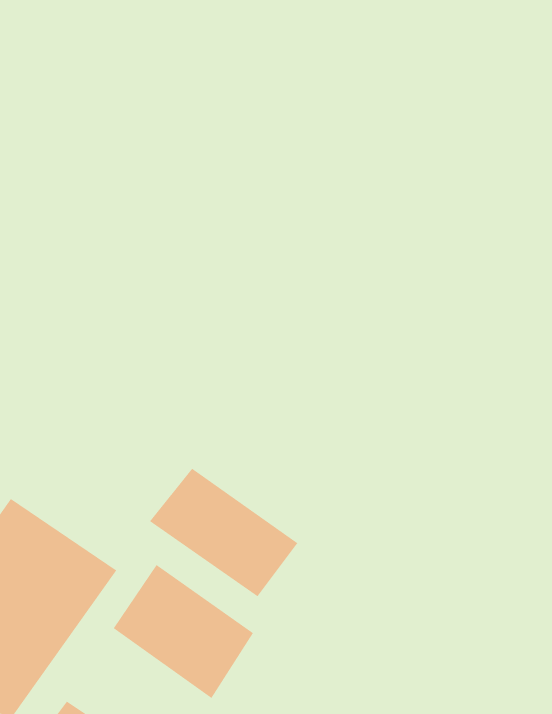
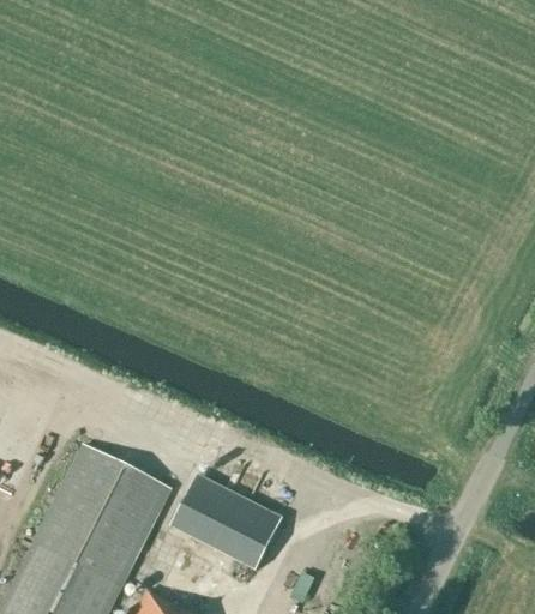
building: [149,468,298,597] -> none

